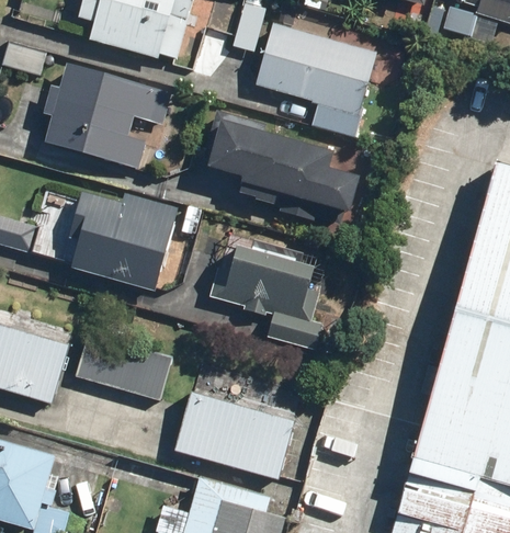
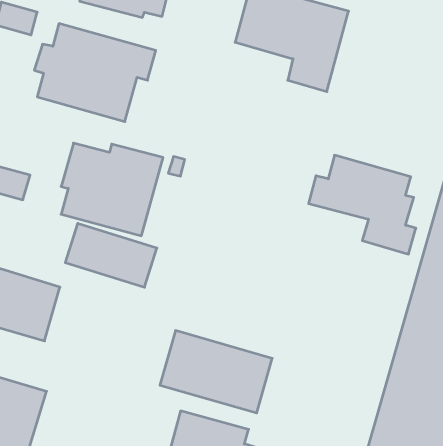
building: [208,114,351,215] -> none
building: [209,245,324,350] -> [309,155,416,254]
building: [75,332,172,400] -> [65,223,157,287]

